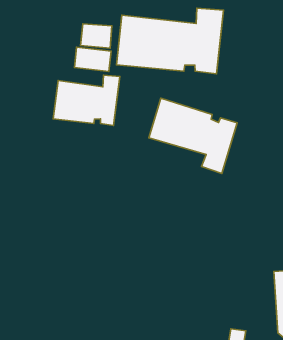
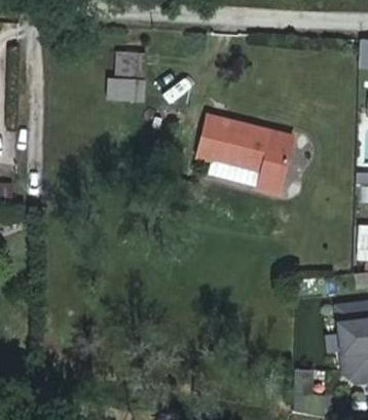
building: [116,8,223,74] -> none
building: [53,75,120,126] -> none

